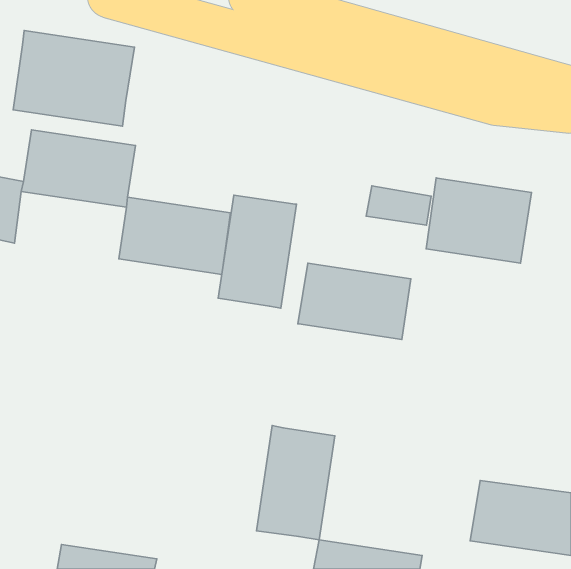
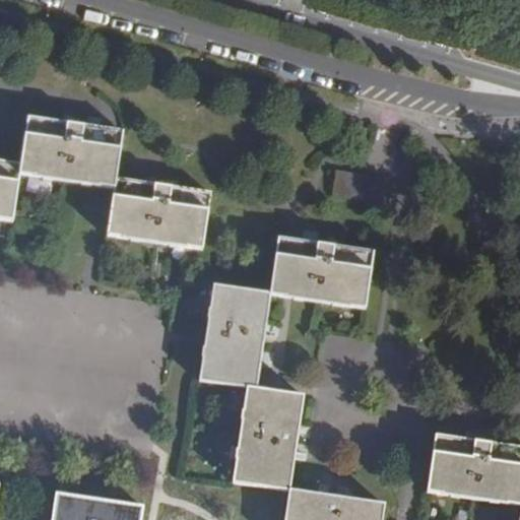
building: [13,31,135,126] -> none
building: [426,178,531,263] -> none
building: [218,195,296,308] -> [200,285,271,388]

